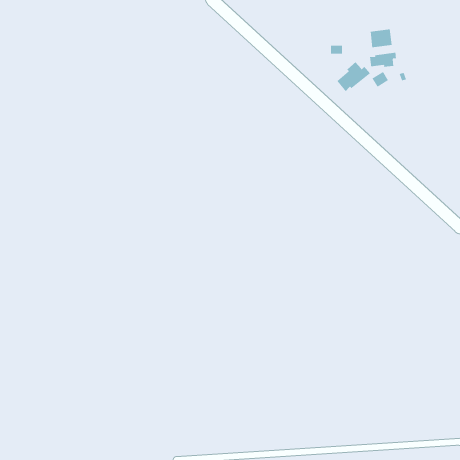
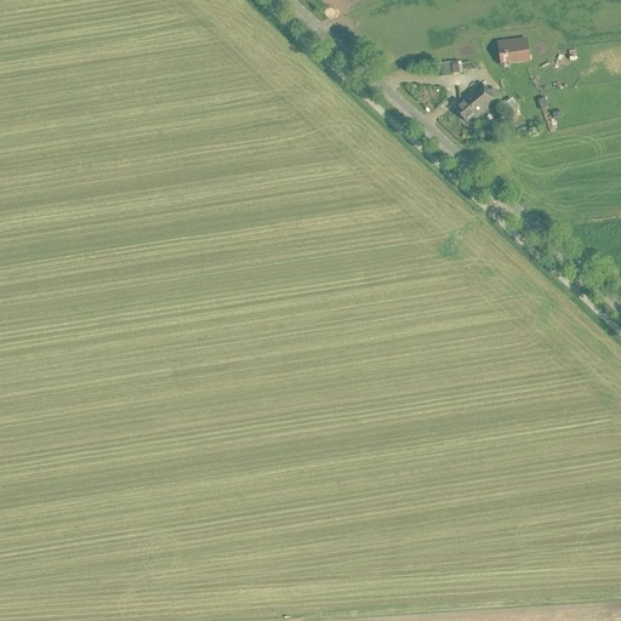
building: [369,52,396,67] -> none

